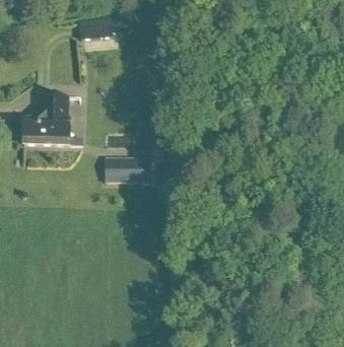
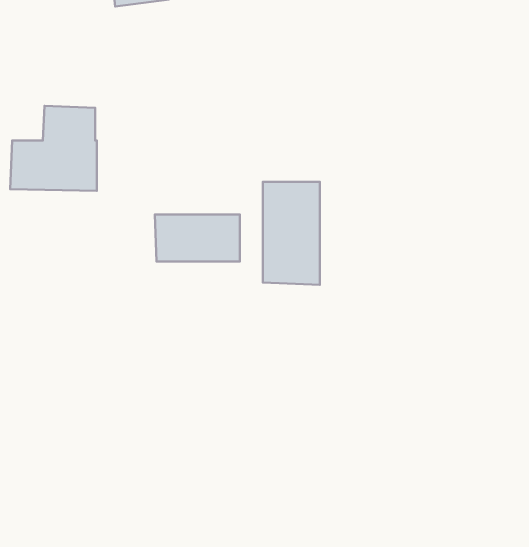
building: none -> [263,182,320,285]

